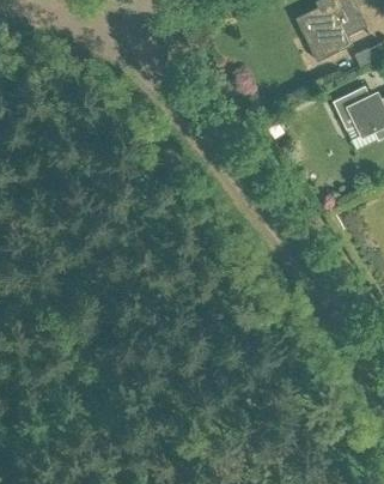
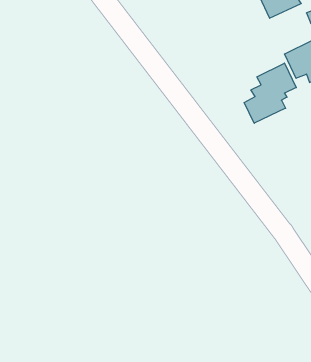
building: none -> [244,63,296,123]

